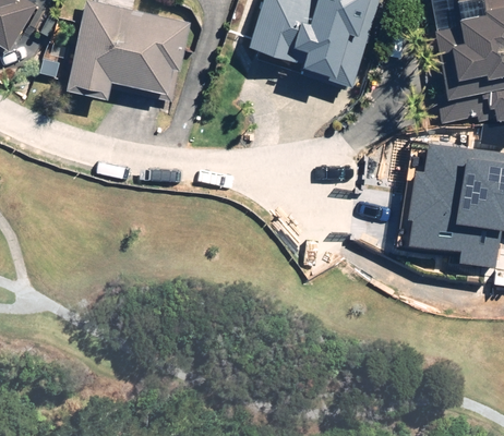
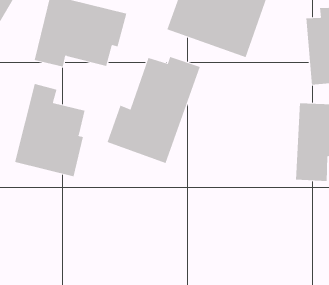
building: none -> [107,56,200,164]
building: none -> [14,83,85,177]

